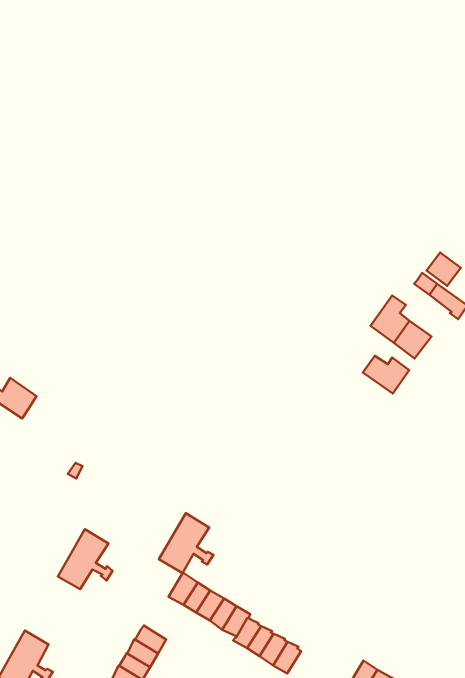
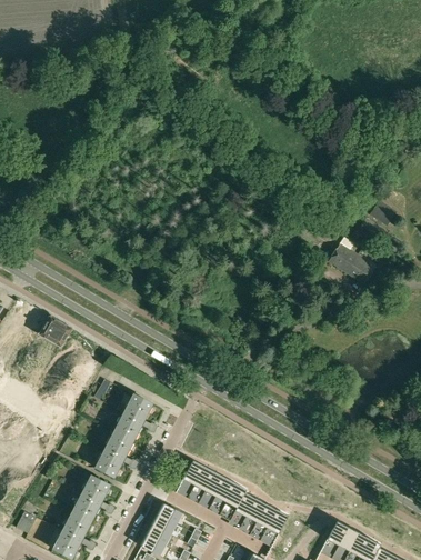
building: [363,356,409,394] -> none
building: [159,513,214,573] -> [113,393,156,440]
building: none -> [71,474,113,521]

